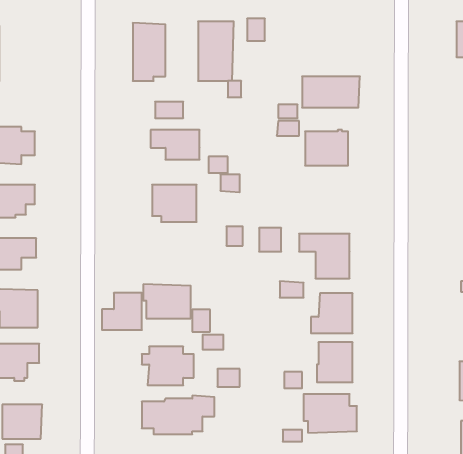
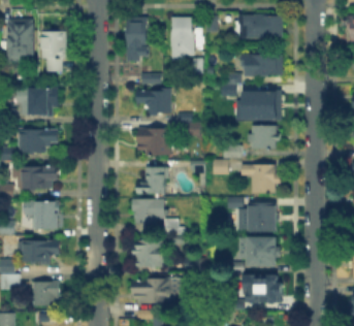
building: none -> [236,18,282,39]
building: none -> [41,32,65,72]
building: none -> [247,127,280,150]
building: [102,293,142,330] -> [136,169,164,195]

